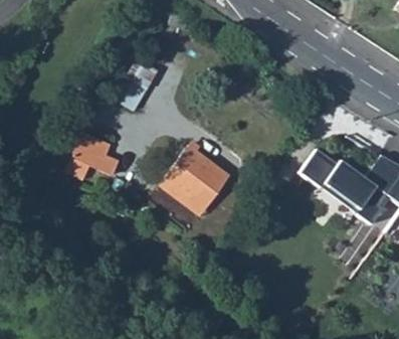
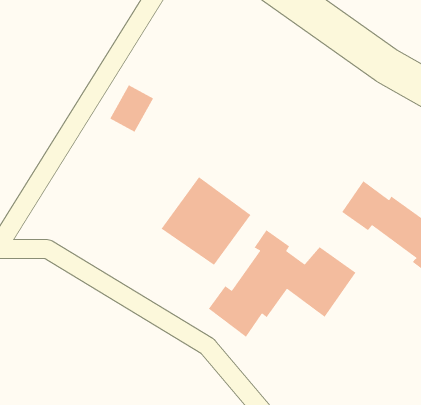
building: [67,132,121,178] -> none
building: none -> [208,229,356,338]

